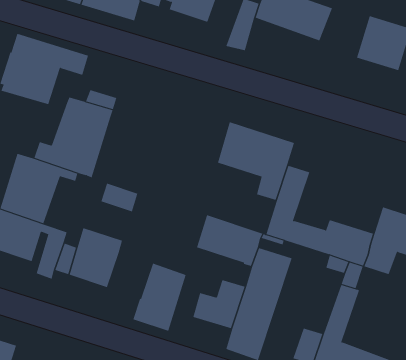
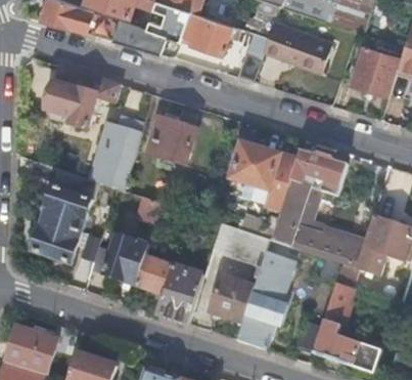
building: none -> [147,118,195,163]
building: none -> [291,149,347,193]
building: none -> [135,255,174,295]

